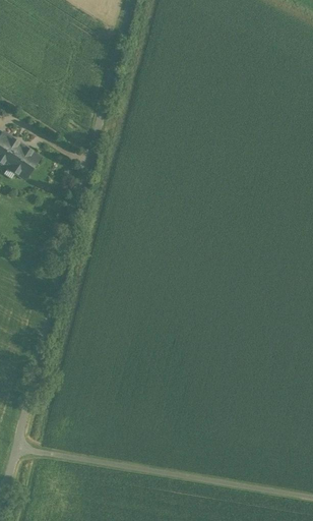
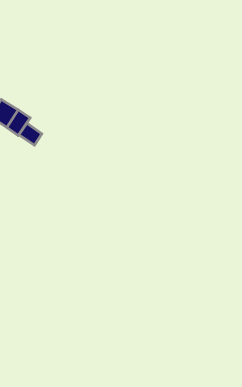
building: none -> [19,123,42,145]

